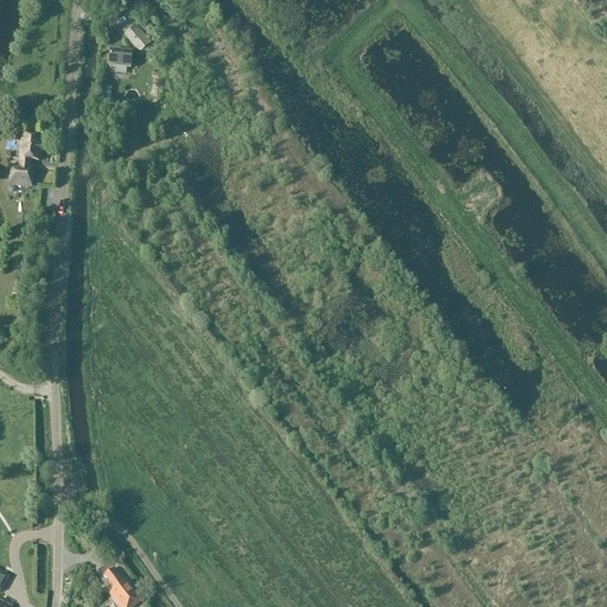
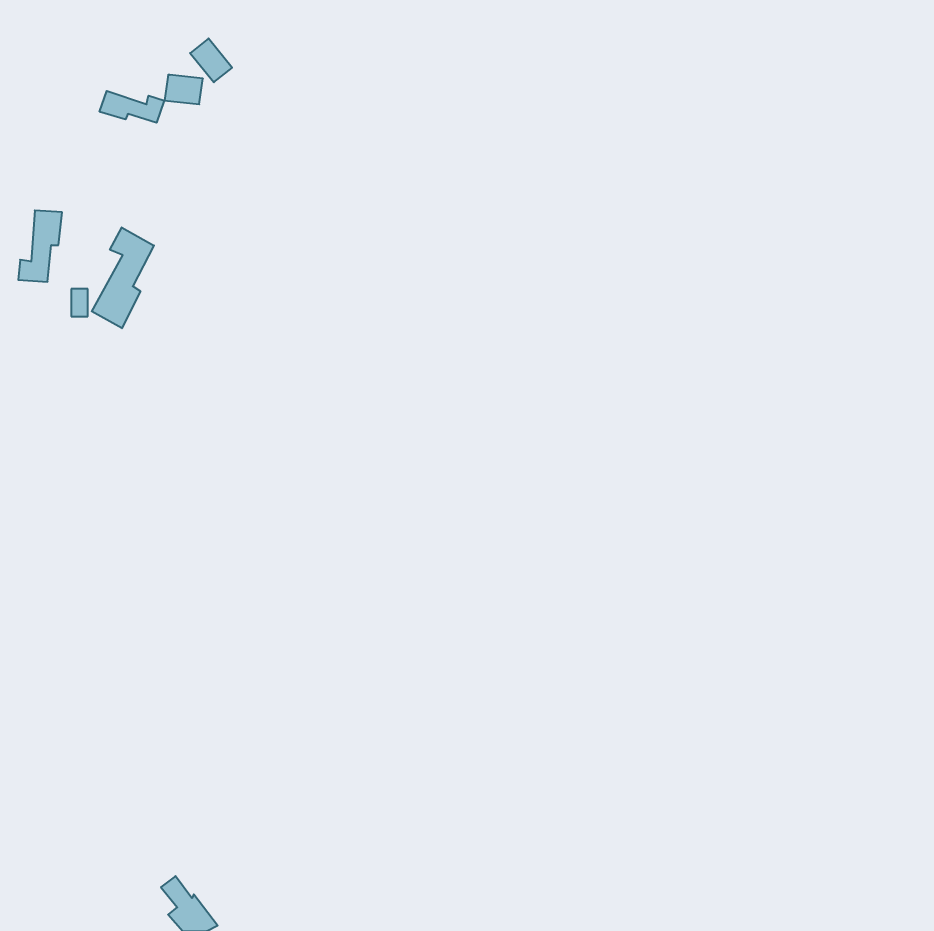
building: none -> [100,91,164,123]
building: none -> [92,227,154,328]

